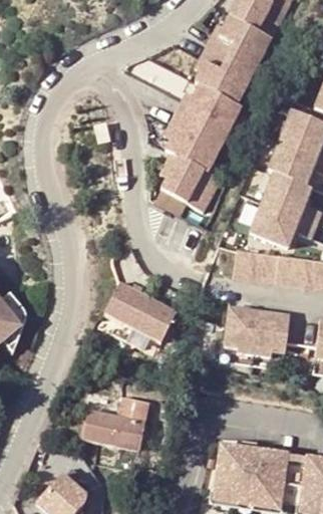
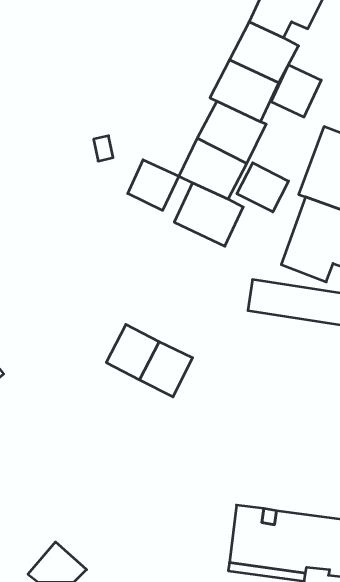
building: none -> [271,65,321,117]
building: none -> [128,160,179,210]
building: none -> [237,163,289,212]
building: [216,300,284,351] -> none
building: [82,397,147,450] -> none

